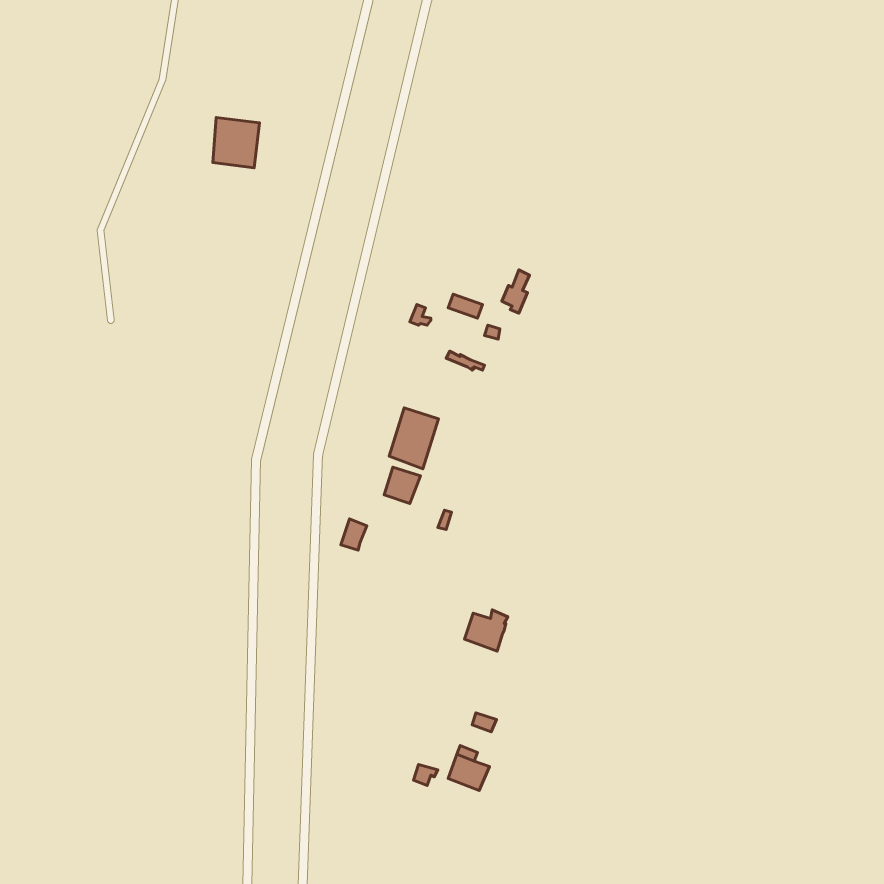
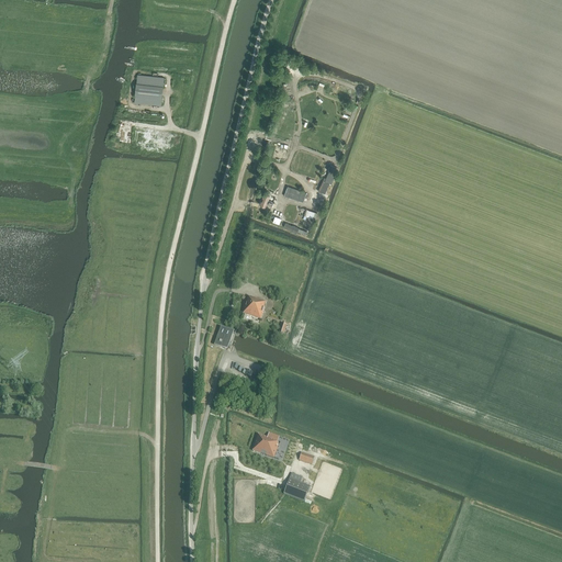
building: [389,408,438,469] -> none
building: [464,610,508,651] -> [252,432,280,459]

